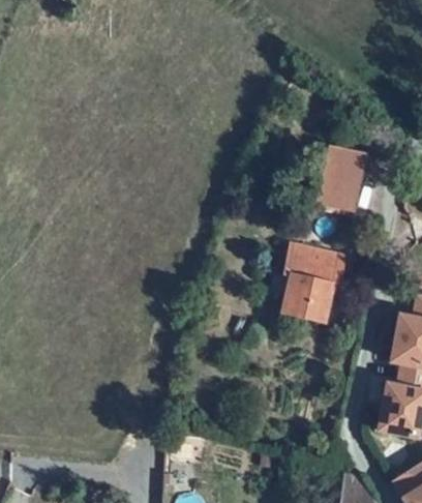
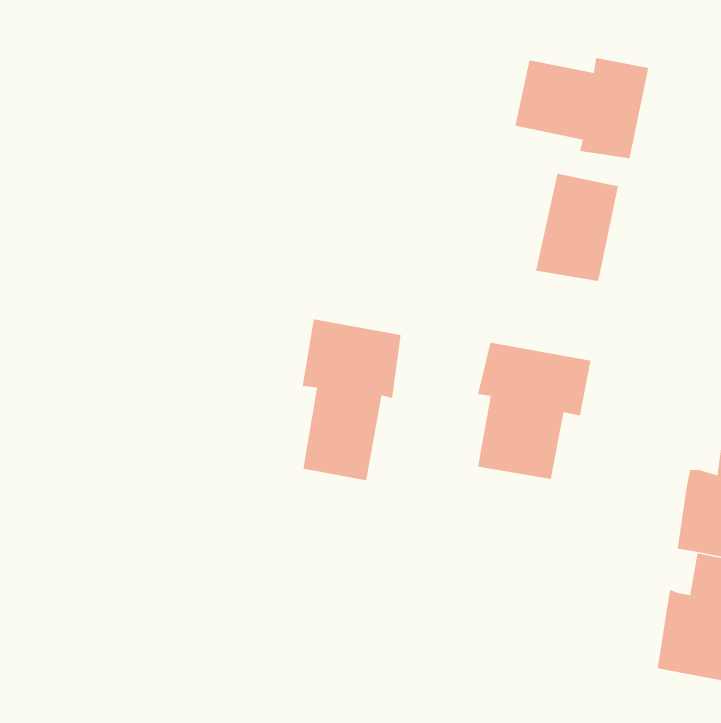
building: none -> [515,57,649,159]
building: none -> [302,319,402,481]

